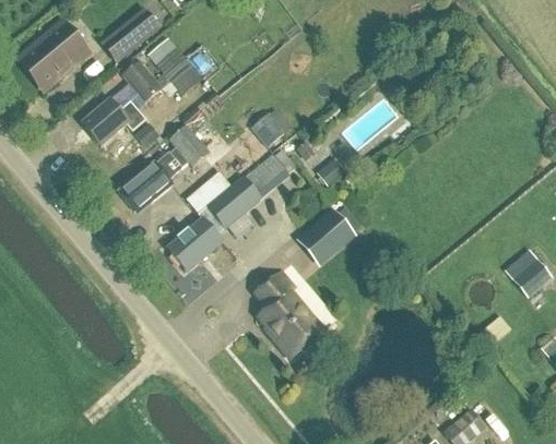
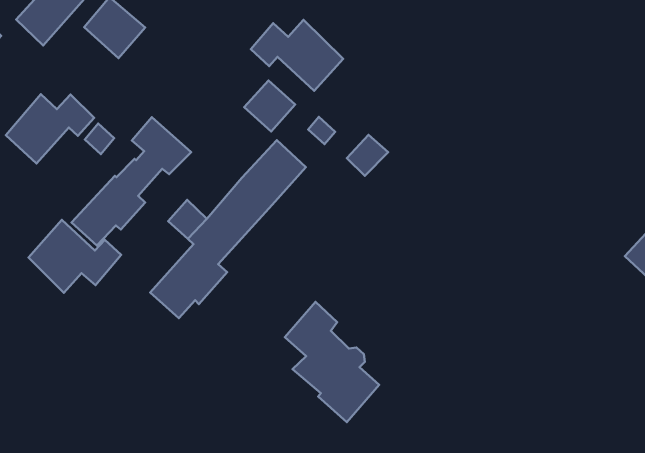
building: [122,59,162,100] -> none
building: none -> [251,20,343,91]
building: none -> [29,220,121,293]
building: [294,209,354,267] -> none

